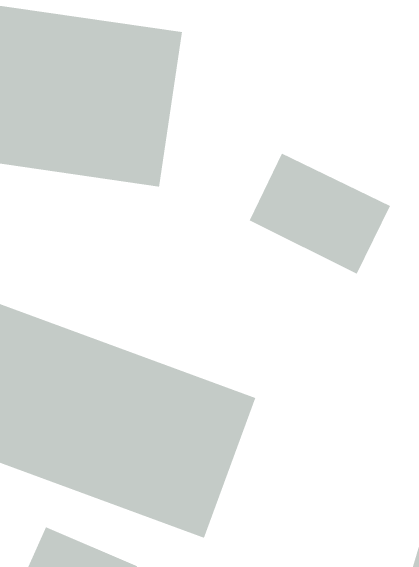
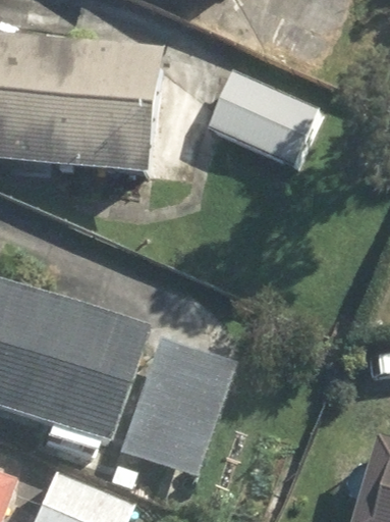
building: [249,153,391,275] -> [208,64,328,167]

